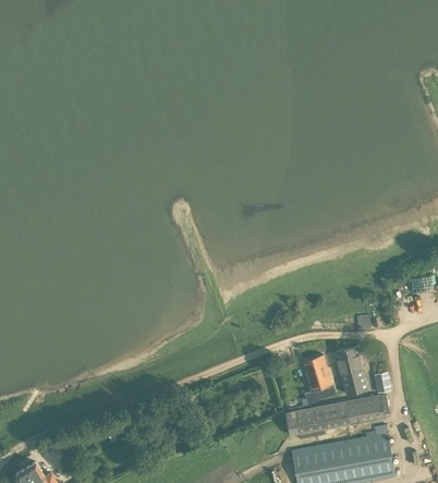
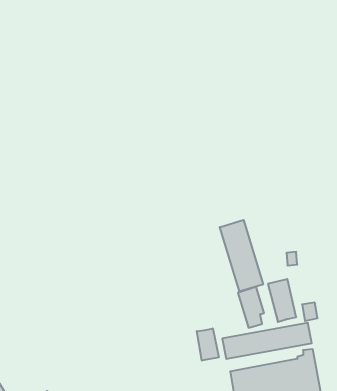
building: none -> [220,220,263,291]
building: none -> [197,328,219,361]

